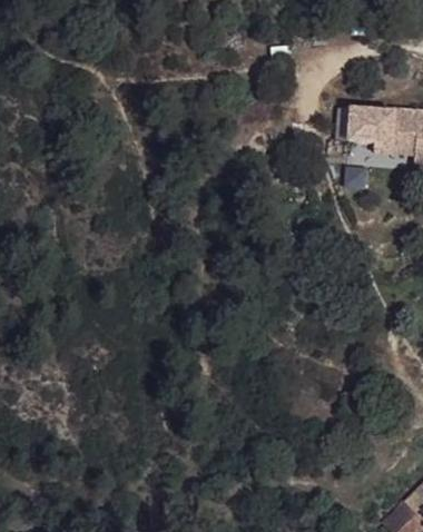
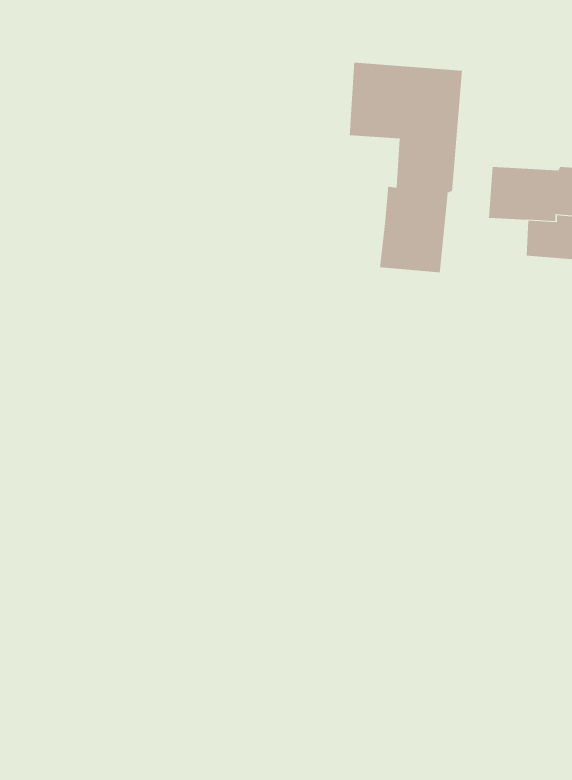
building: none -> [349,62,463,273]

